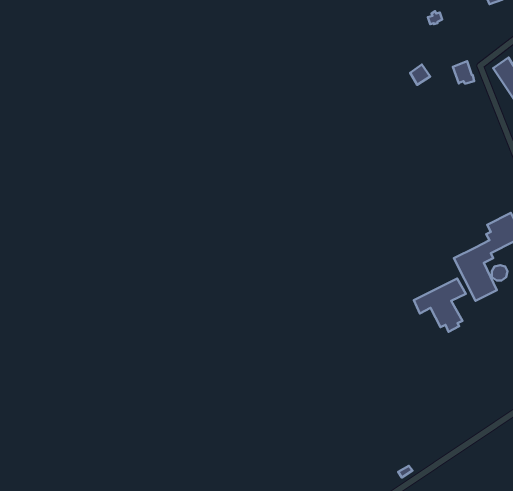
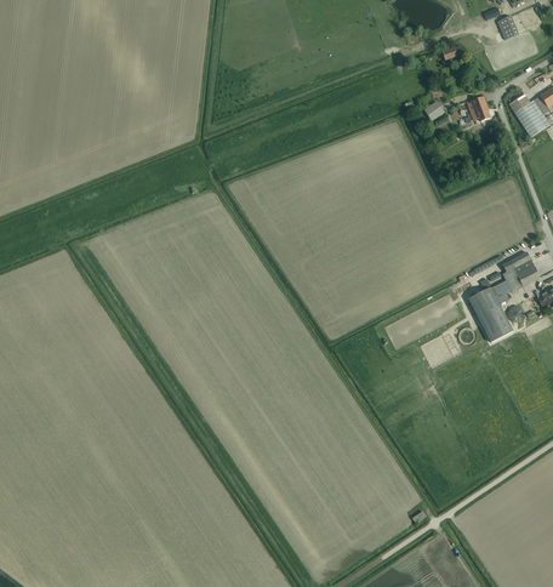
building: [414,279,466,332] -> none

